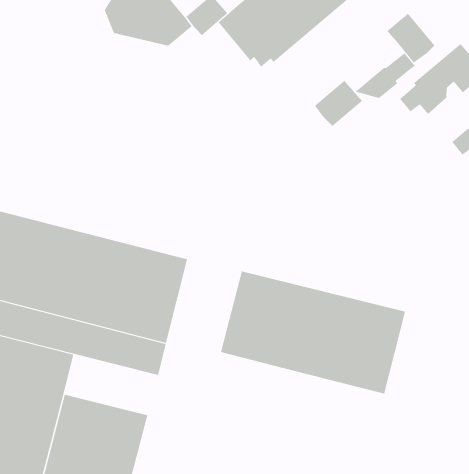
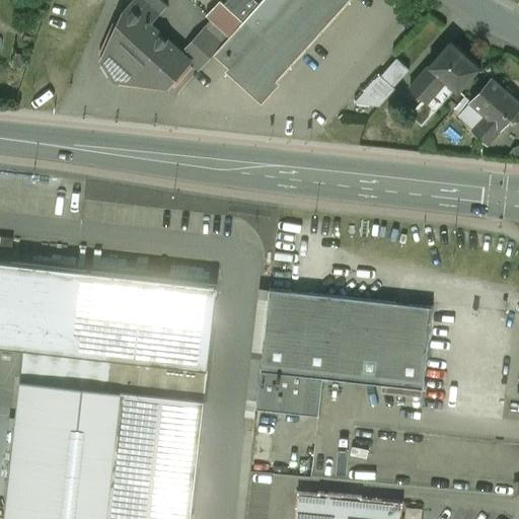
building: [387,13,435,64] -> none
building: [314,80,363,127] -> none
building: none -> [254,372,321,418]
building: none -> [115,393,203,442]

